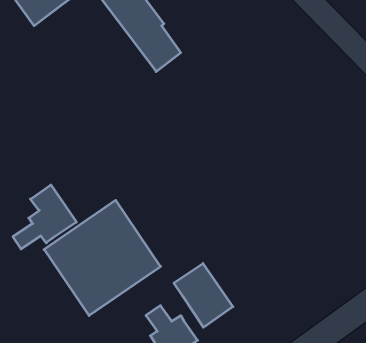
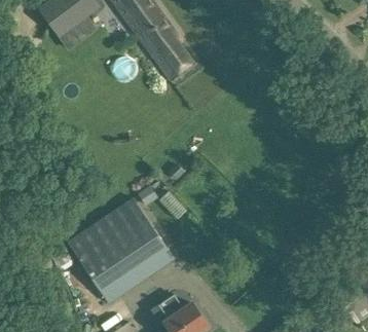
building: [13,185,76,249] -> none
building: [174,263,233,327] -> none

